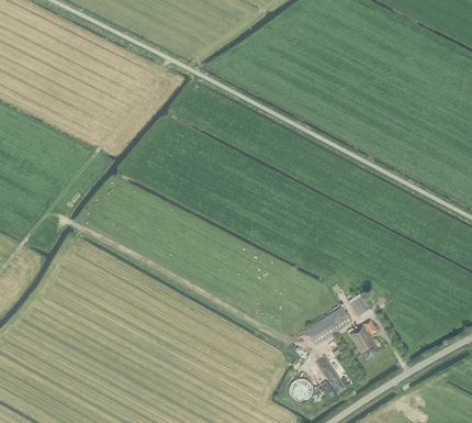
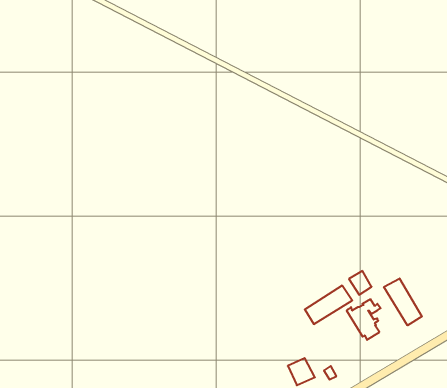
building: none -> [384,278,422,325]

